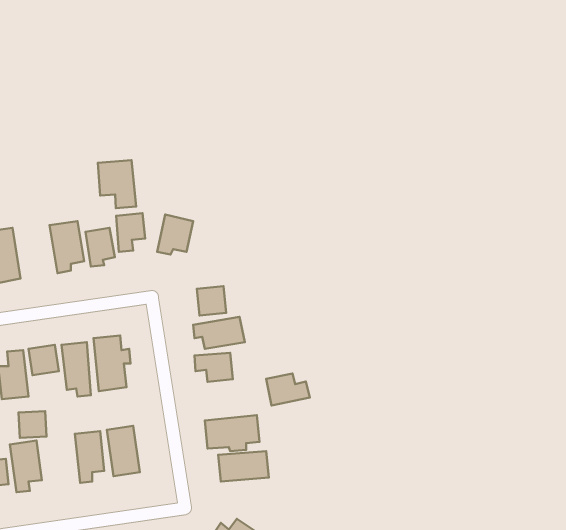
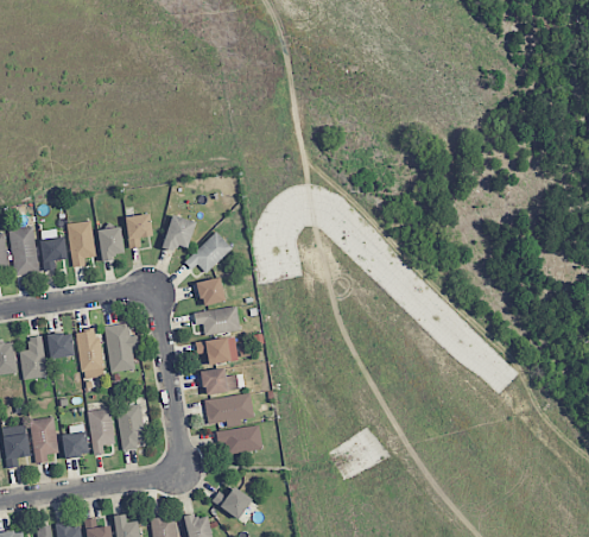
building: [98,160,136,208] -> none
building: none -> [40,229,64,271]
building: none -> [184,232,233,273]
building: [266,374,310,405] -> [201,367,240,396]
building: [19,411,46,438] -> [63,434,88,457]

